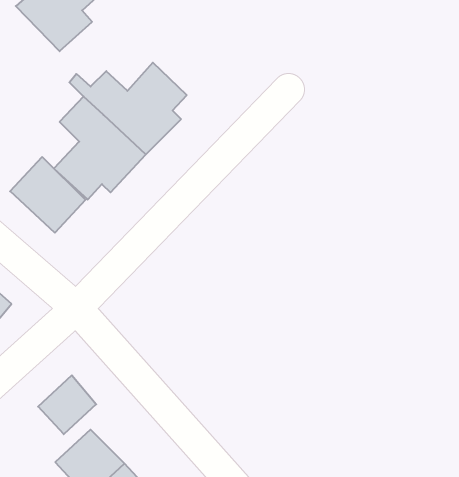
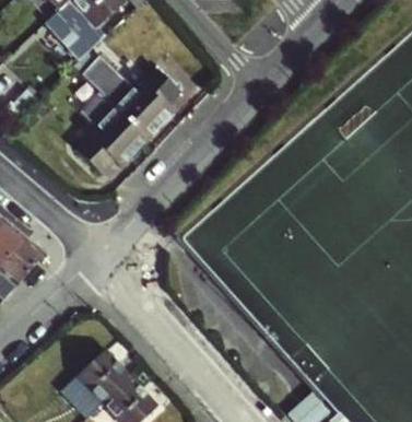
building: [10,157,86,233] -> none
building: [38,375,96,434] -> none

